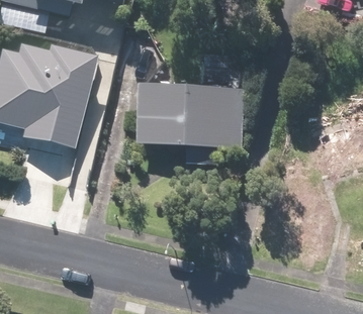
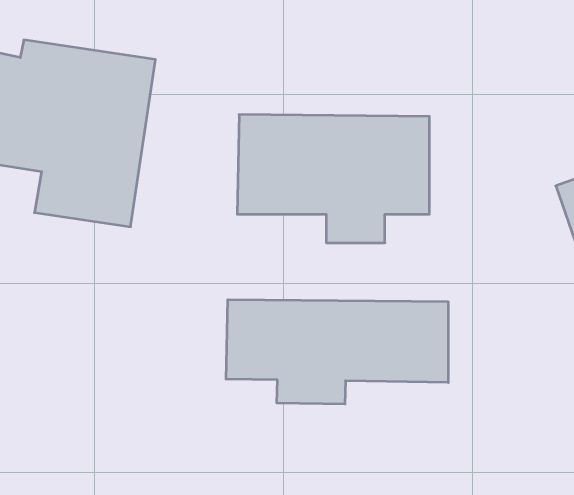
building: none -> [226,300,448,404]

